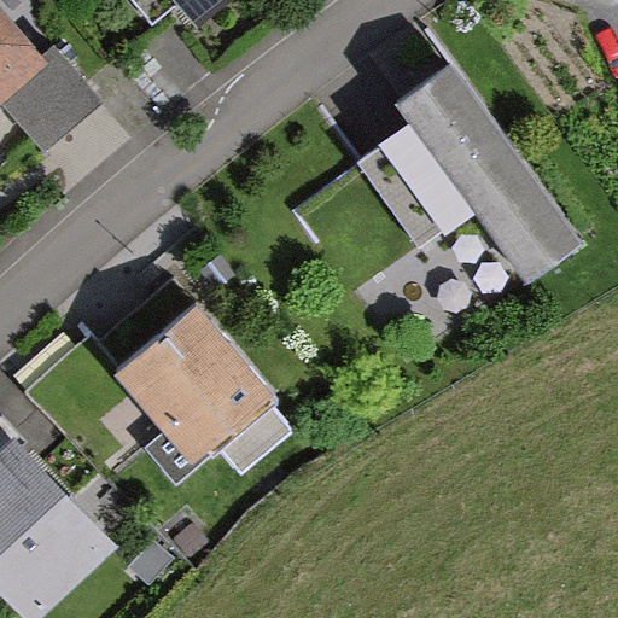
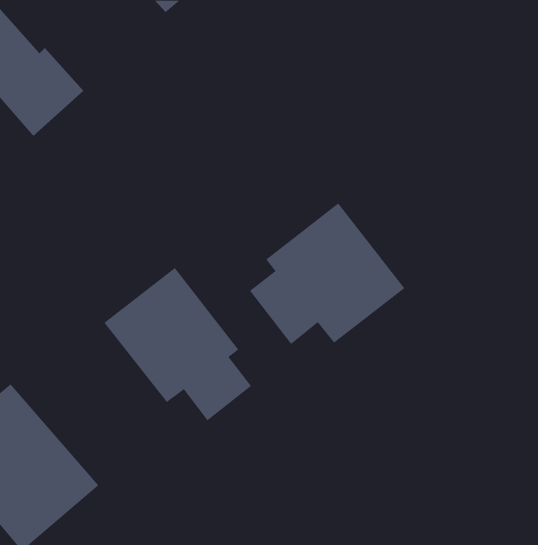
building: [358,64,583,284] -> none
building: none -> [249,203,405,345]

